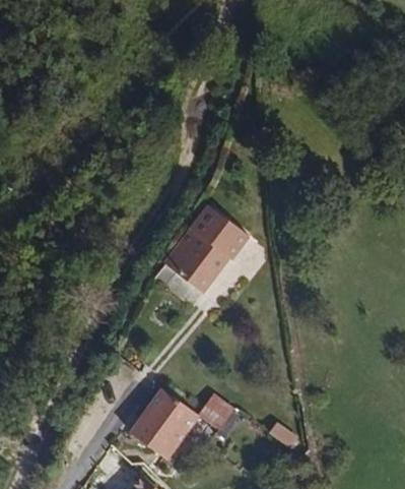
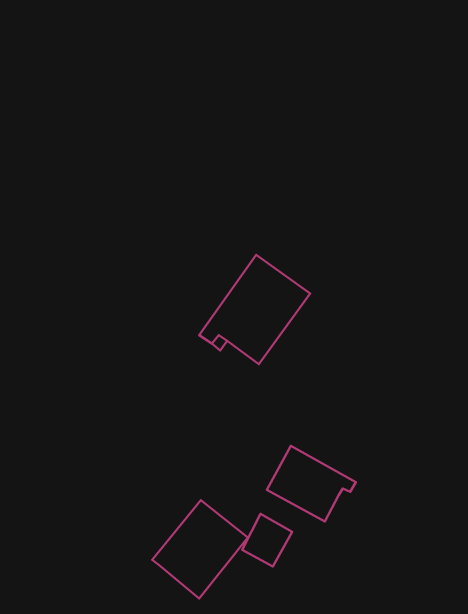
building: none -> [267,446,356,521]

